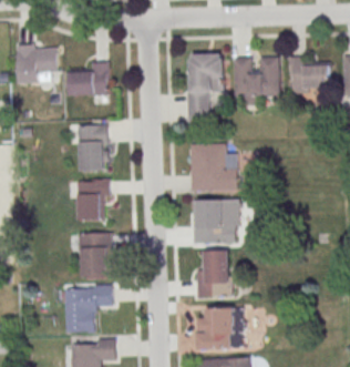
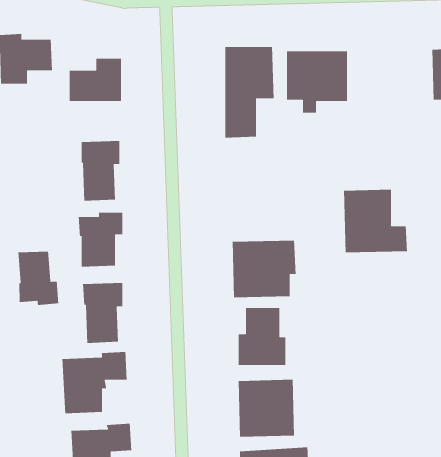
building: [289,60,330,92] -> none
building: [189,142,238,191] -> [343,189,408,253]
building: none -> [18,251,59,306]

